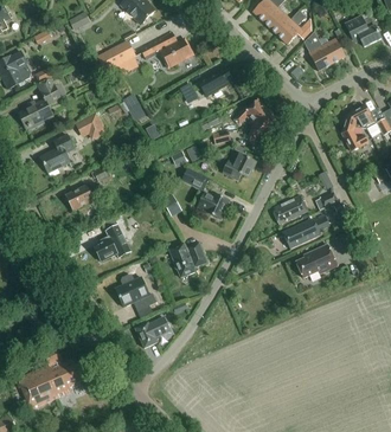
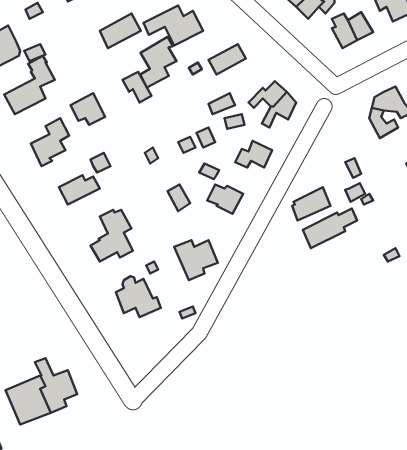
building: none -> [140,37,177,87]
building: [296,245,338,279] -> none
building: [135,317,171,348] -> none

